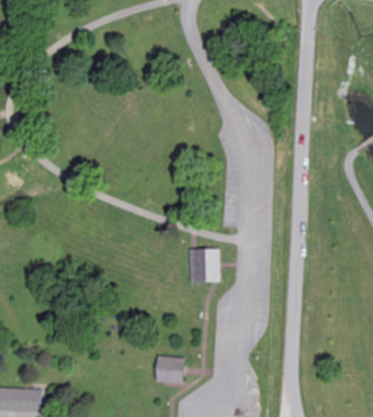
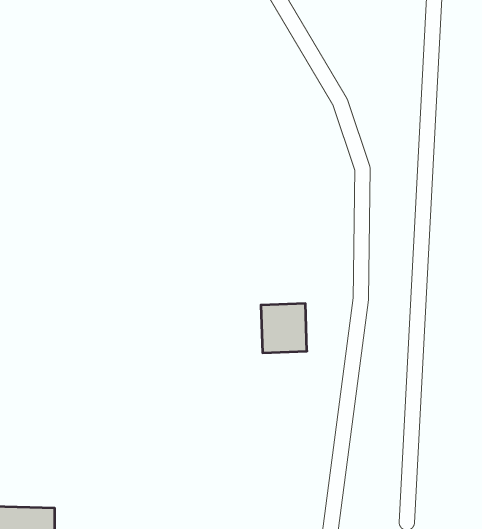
building: [154,356,184,385] -> none

